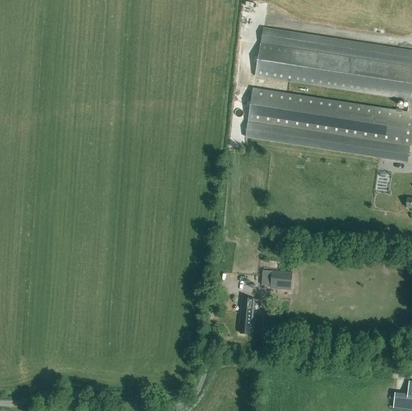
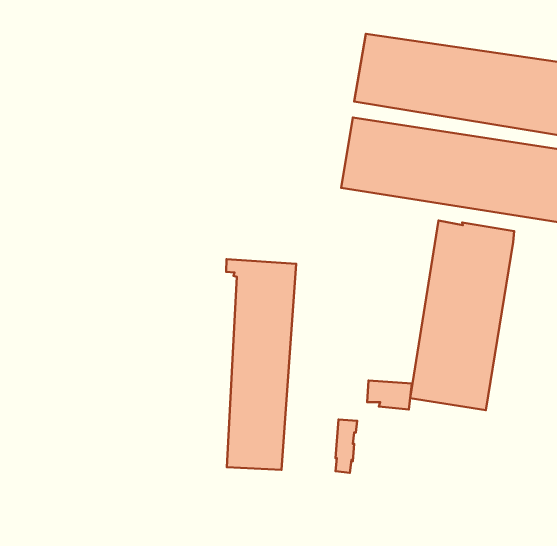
building: none -> [410,221,514,410]
building: none -> [226,259,296,470]

